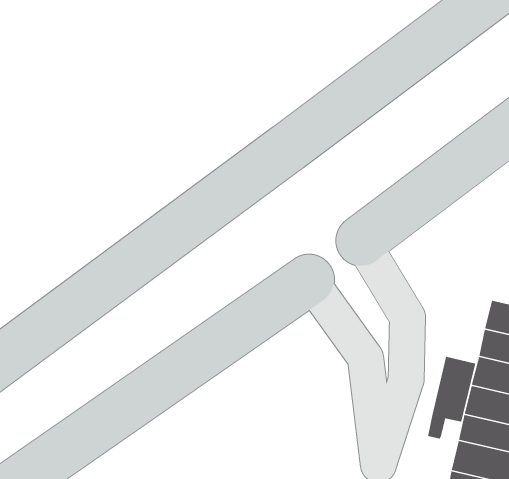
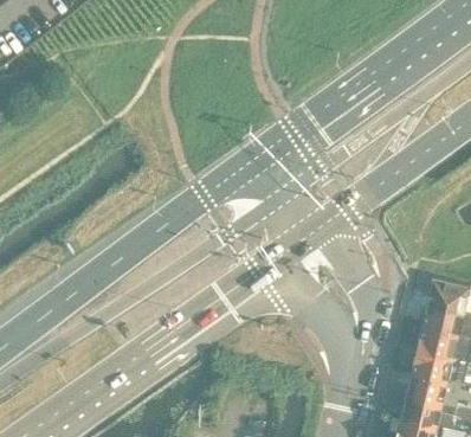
building: [427,356,476,440] -> none

